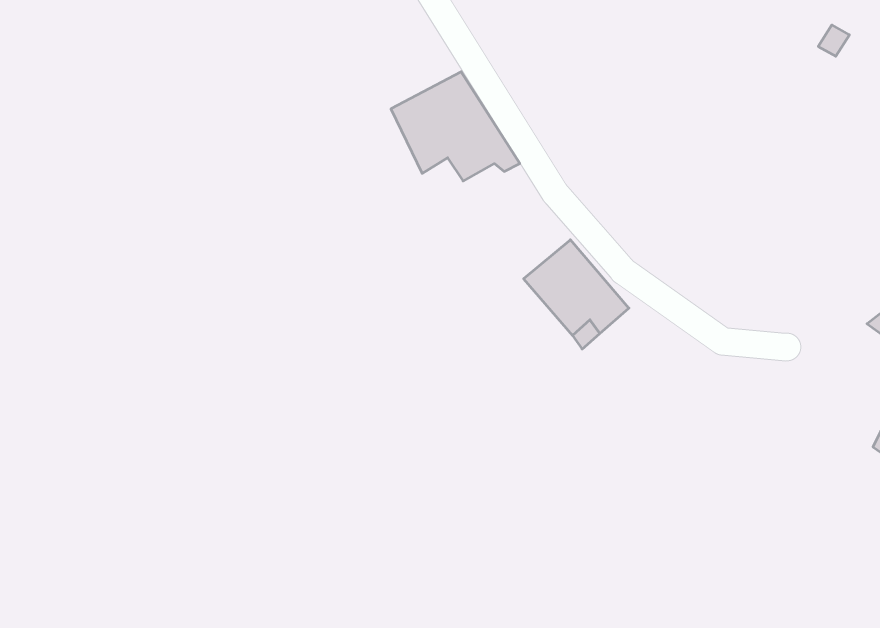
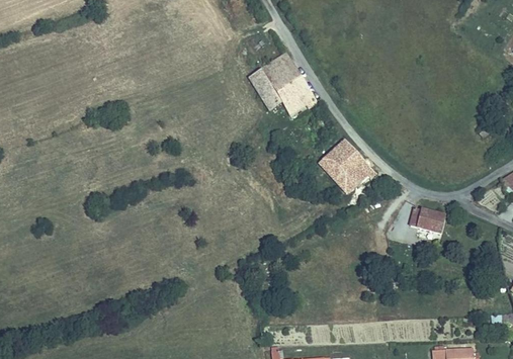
building: none -> [408,206,442,231]

